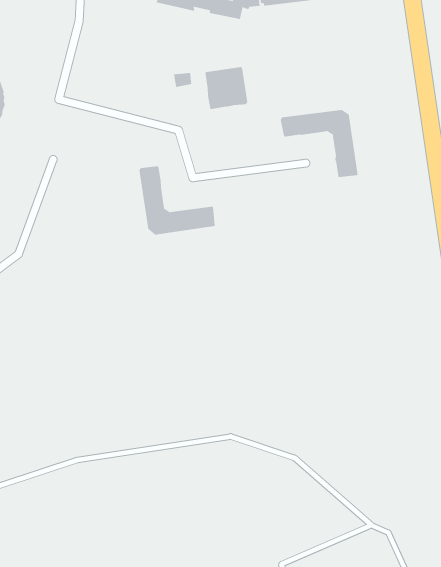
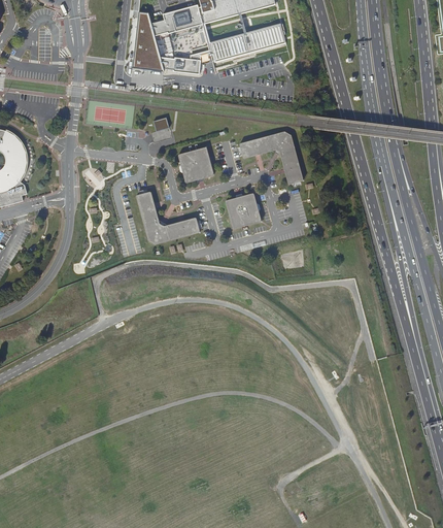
building: [204,66,248,110] -> [177,146,213,183]
building: none -> [225,193,261,228]

